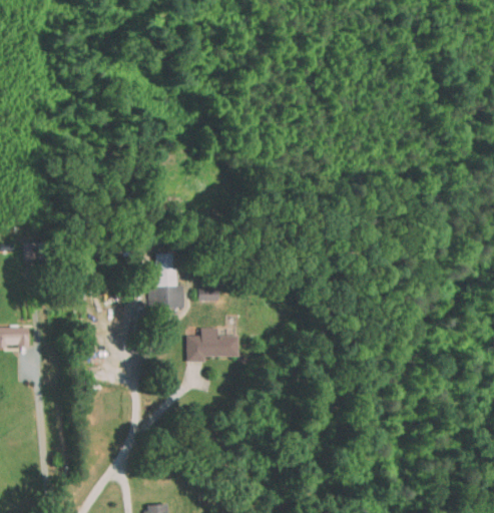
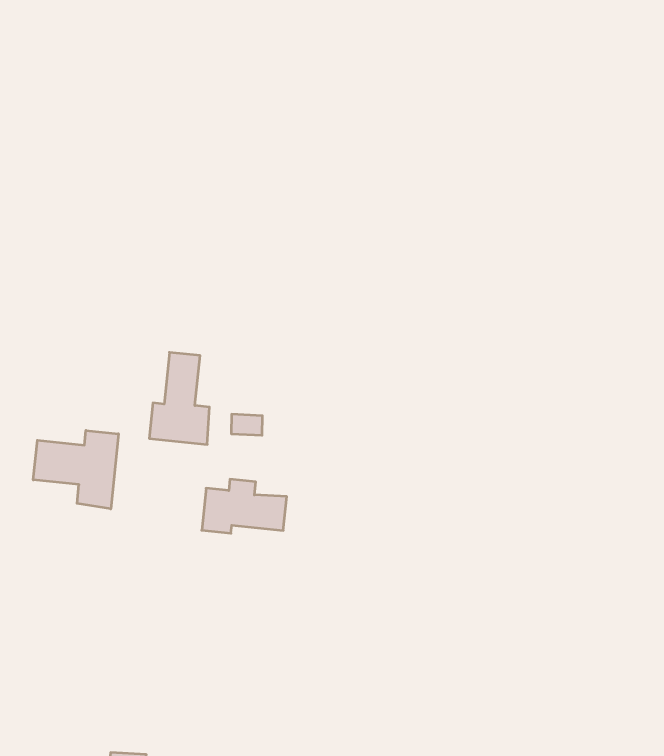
building: none -> [33,430,118,509]

